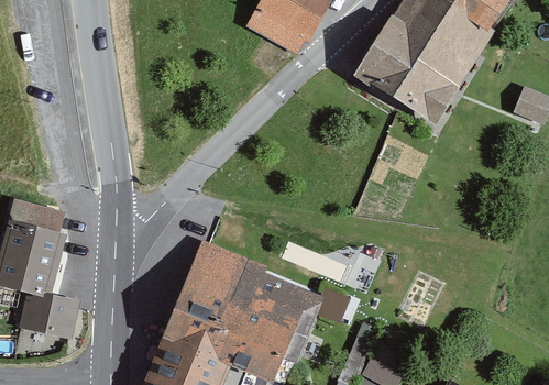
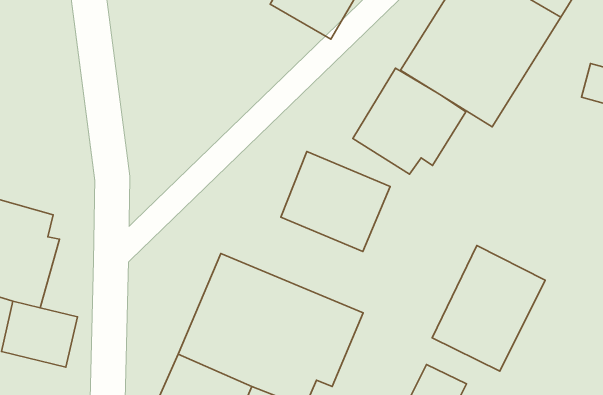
building: none -> [353,68,466,174]
building: none -> [281,151,390,251]
building: none -> [432,246,545,371]

